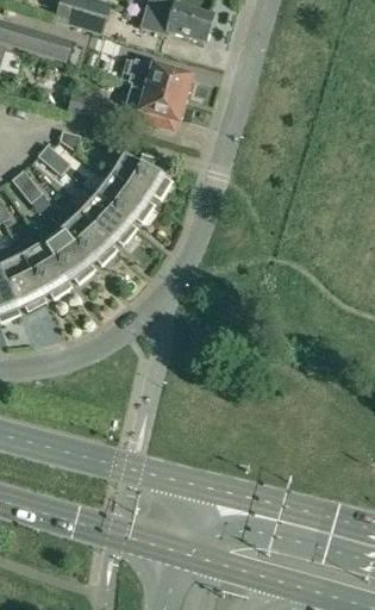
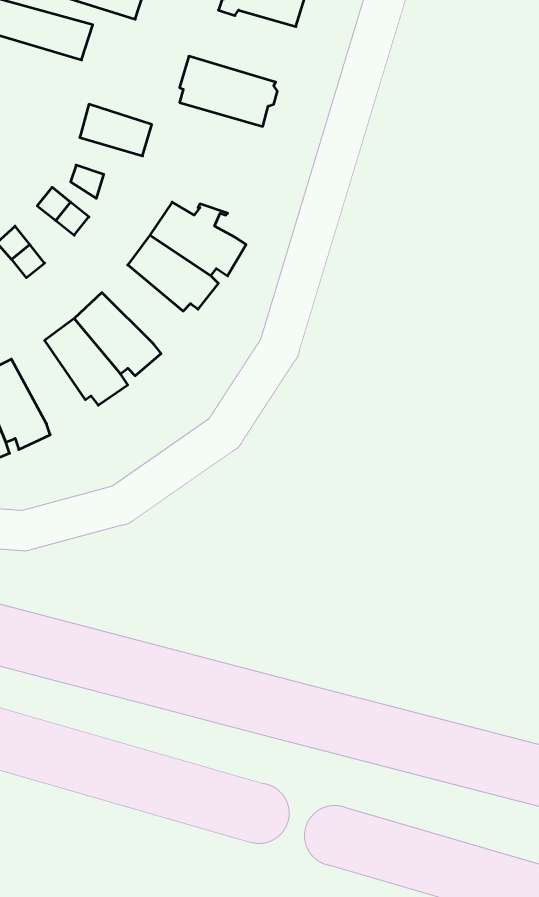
building: [125,87,182,130] -> none
building: [79,192,137,243] -> none
building: [20,241,71,297] -> none

